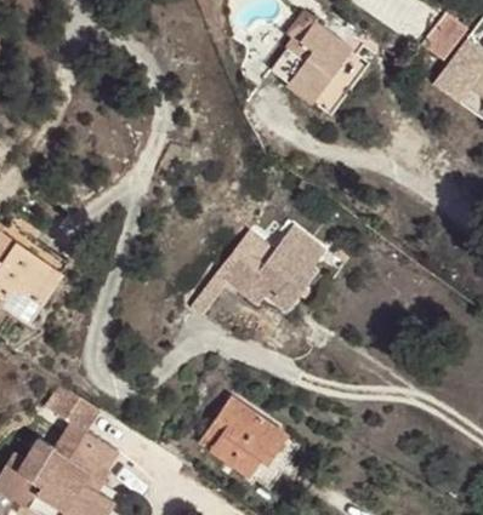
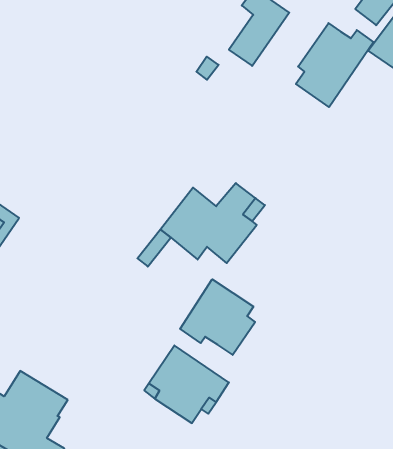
building: none -> [296,23,373,107]
building: none -> [180,279,255,355]

